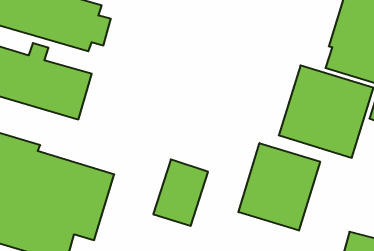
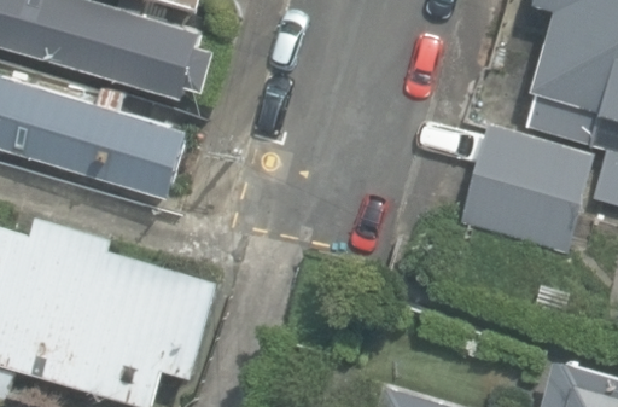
building: [238,143,320,231] -> none

